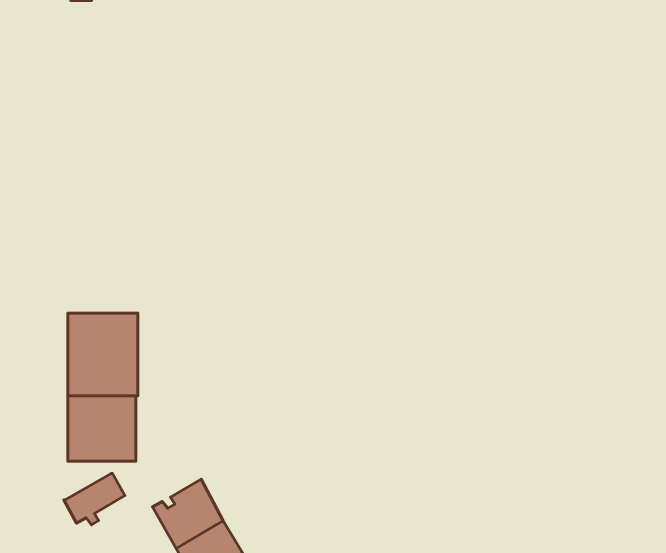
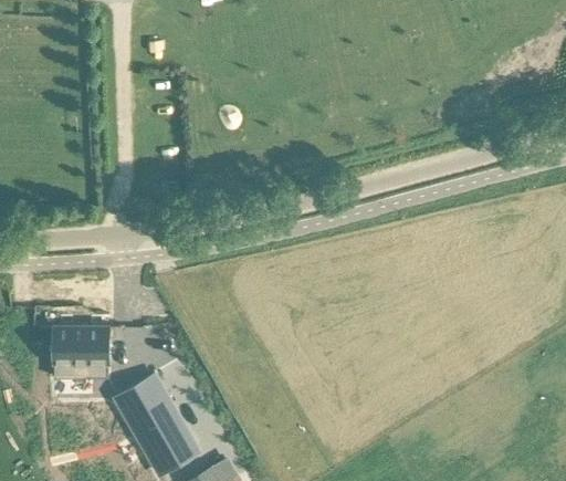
building: [68,313,138,396] -> none
building: [64,473,125,525] -> [115,370,164,411]

